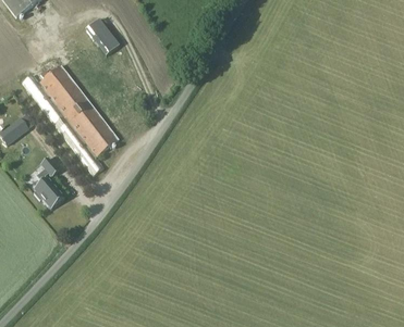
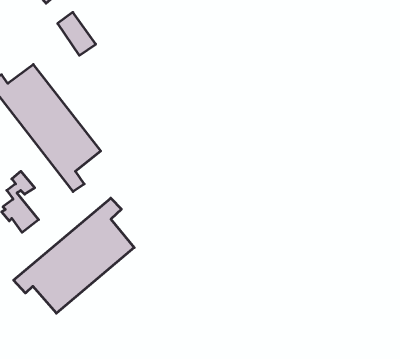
building: none -> [14,198,134,313]

